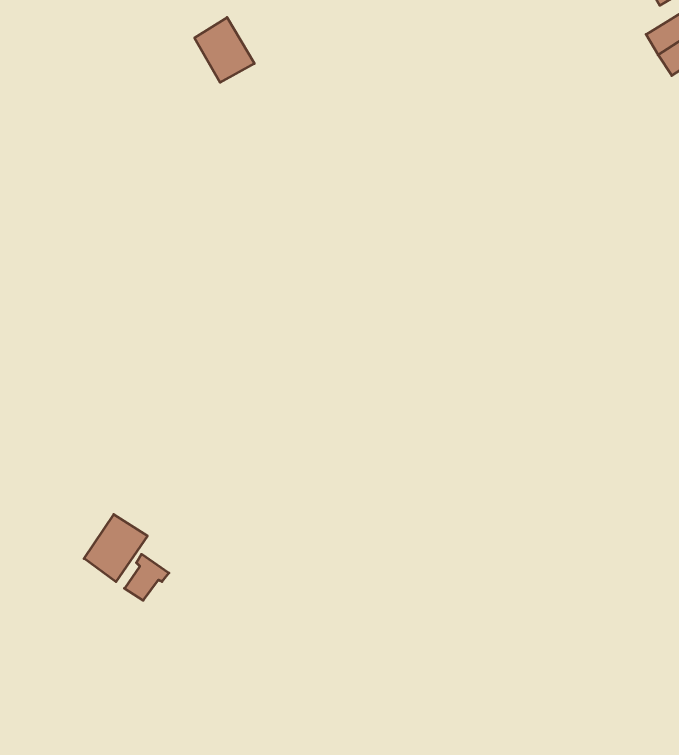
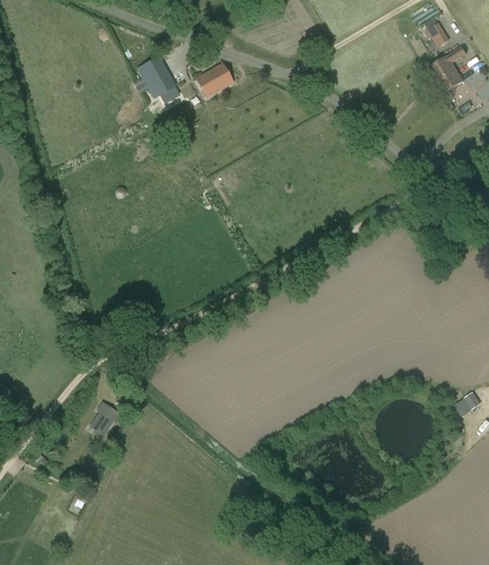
building: none -> [195,63,232,97]
building: [84,514,147,582] -> none

